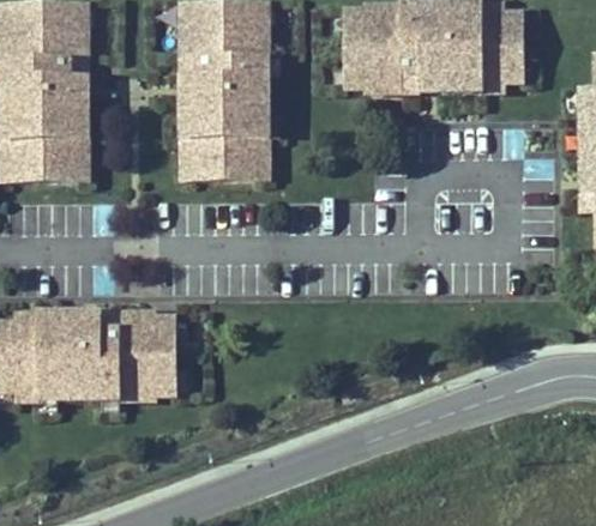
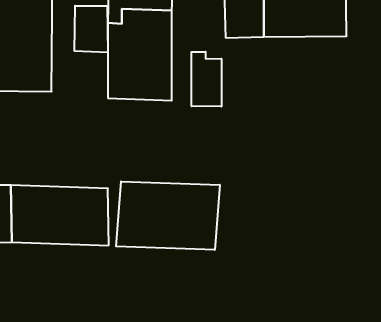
building: none -> [75,6,108,52]
building: none -> [191,52,221,107]
building: none -> [116,181,220,250]

